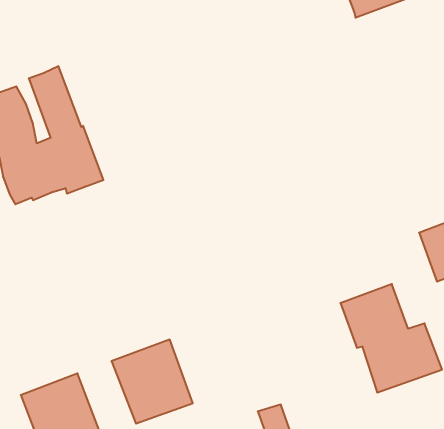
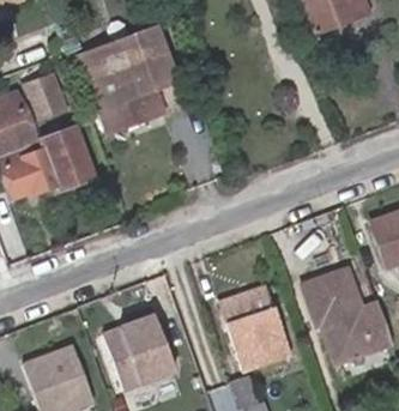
building: none -> [79,26,175,132]
building: none -> [219,284,291,370]

